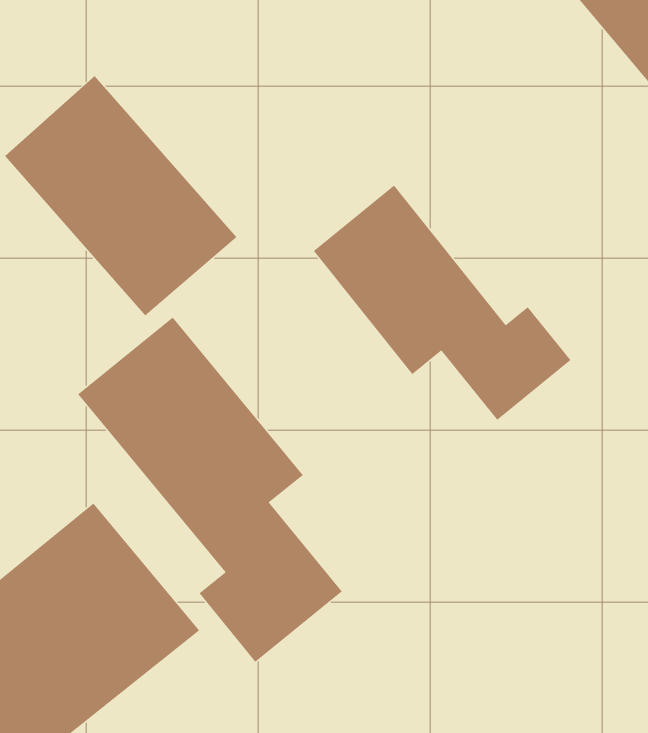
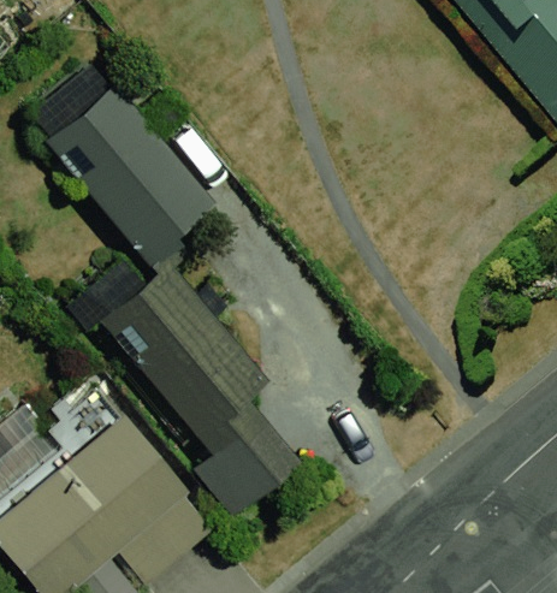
building: [313,185,572,421] -> none

